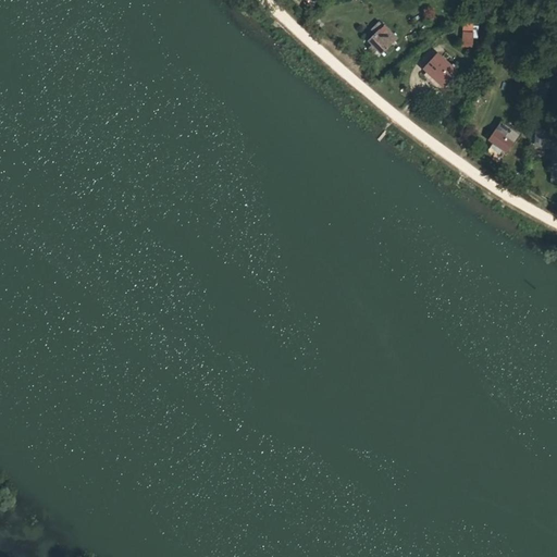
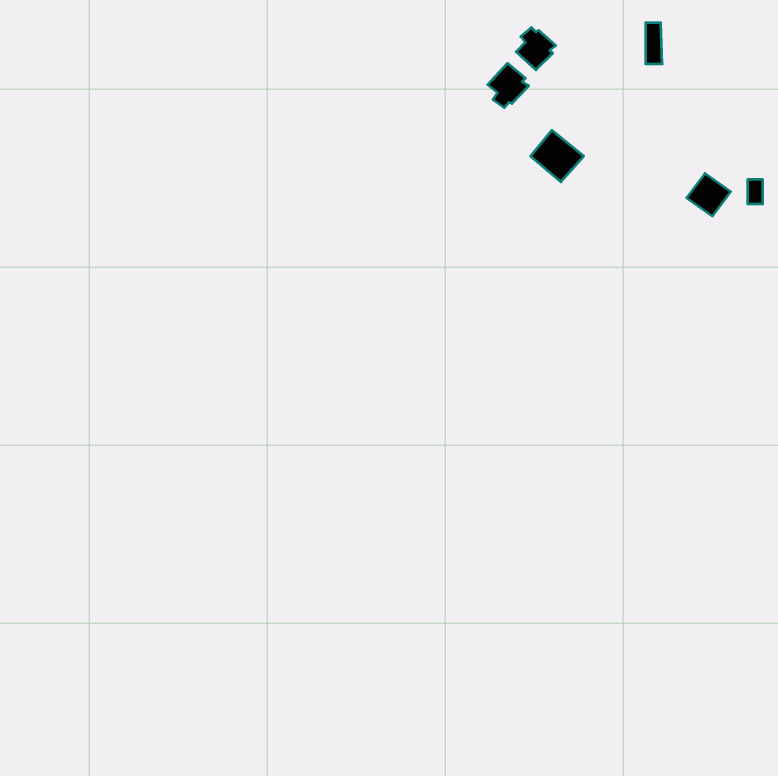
building: none -> [488,63,529,108]
building: [420,52,458,89] -> [531,130,584,182]

